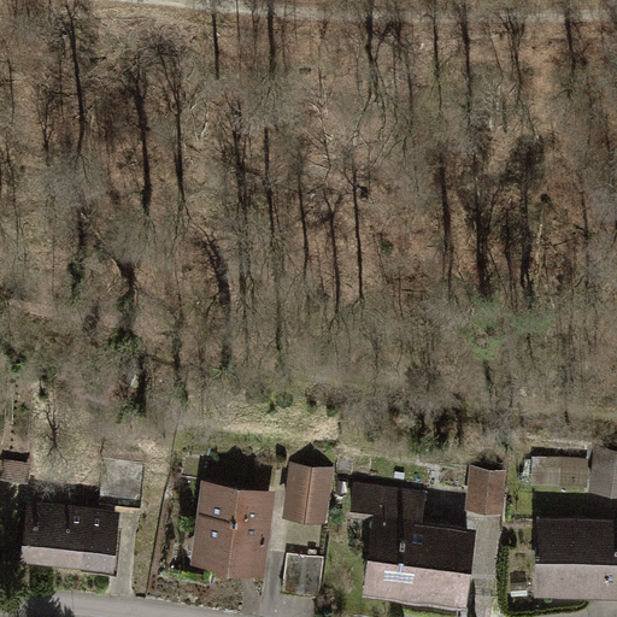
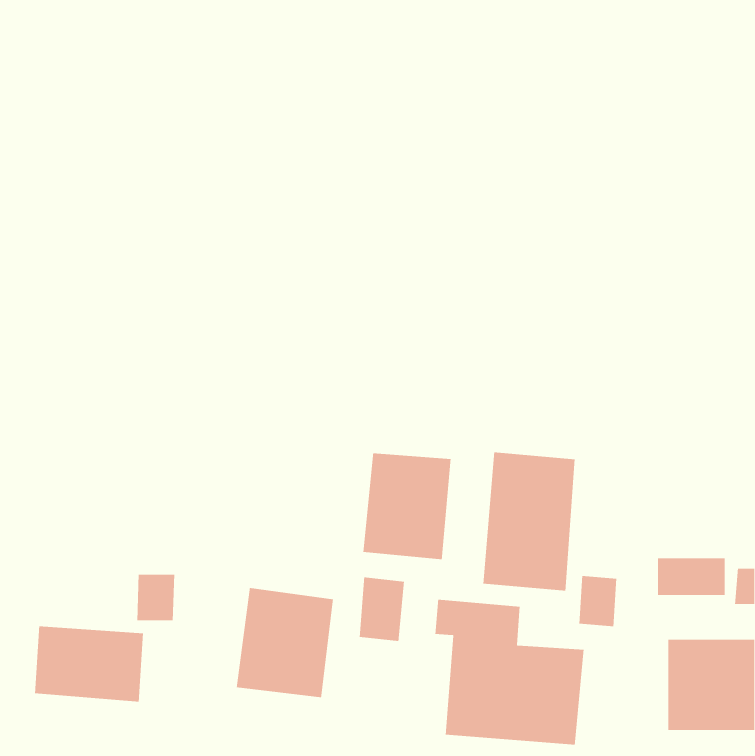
building: none -> [483,452,575,592]
building: none -> [363,452,451,560]
building: [283,554,322,594] -> none

